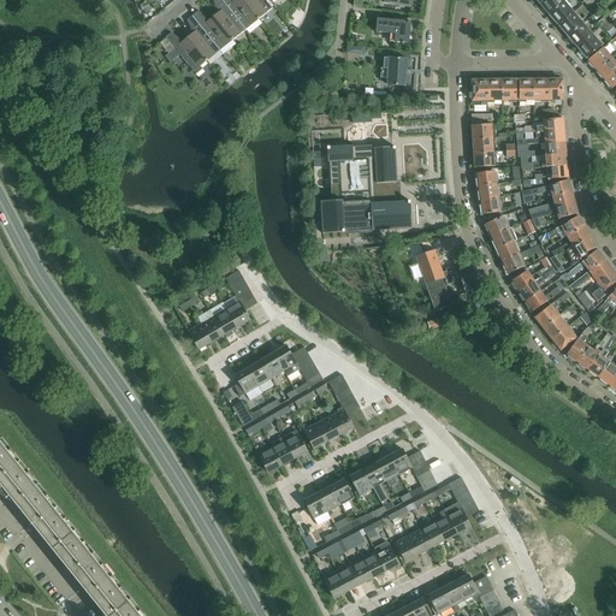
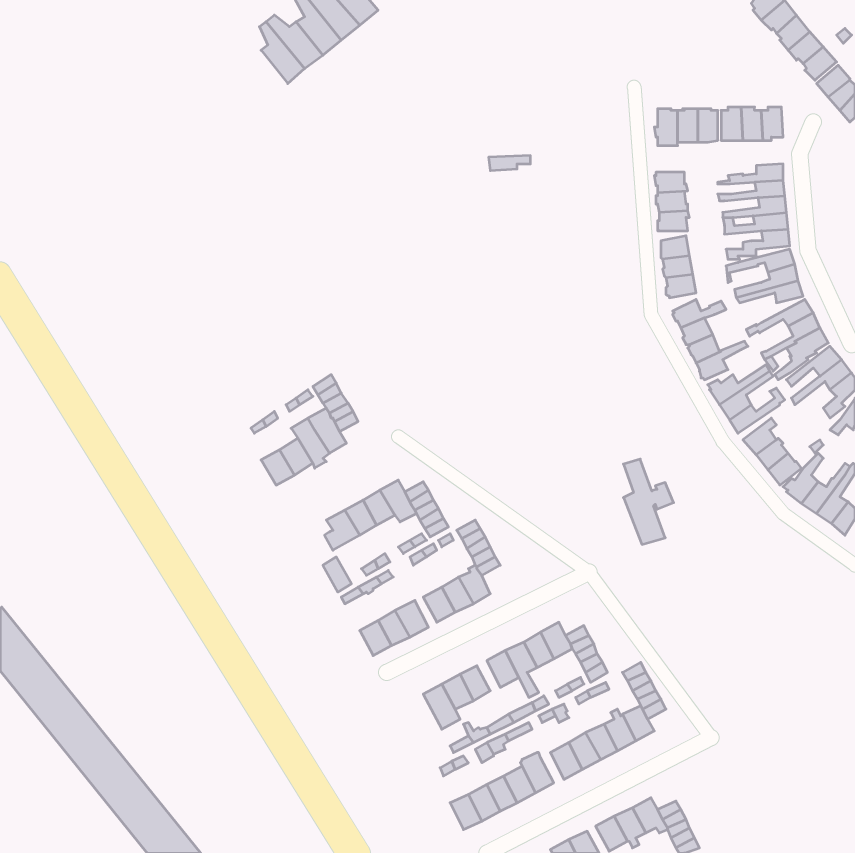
building: [375,18,410,43] -> none
building: [166,32,207,73] -> none
building: [384,57,407,85] -> none
building: [320,144,411,232] -> none
building: [422,249,458,310] -> [623,459,674,544]

